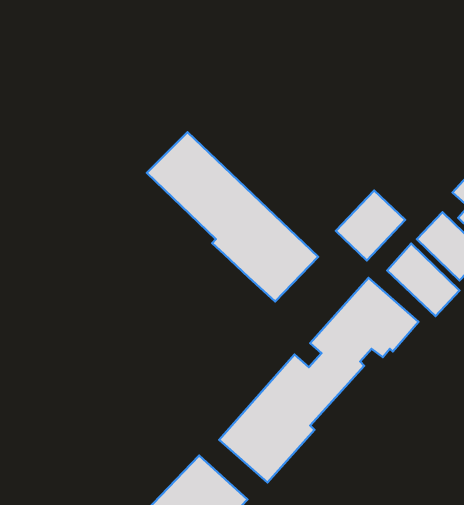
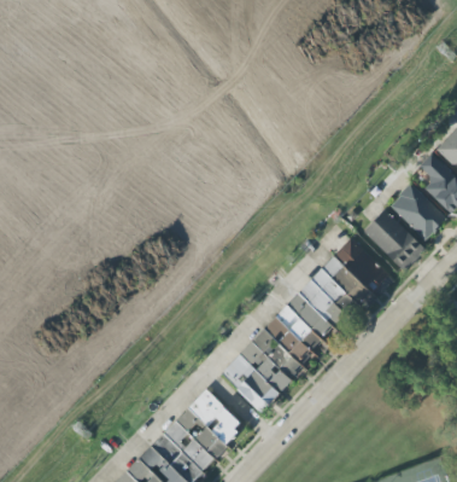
building: [147,132,318,302] -> none
building: [336,190,405,261] -> none

